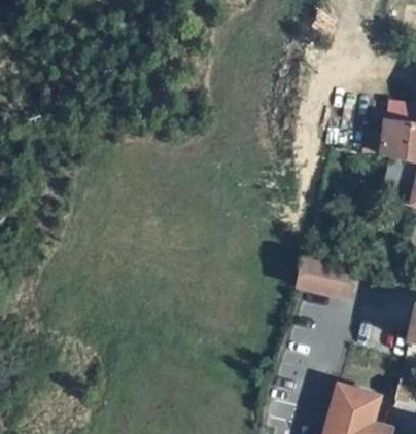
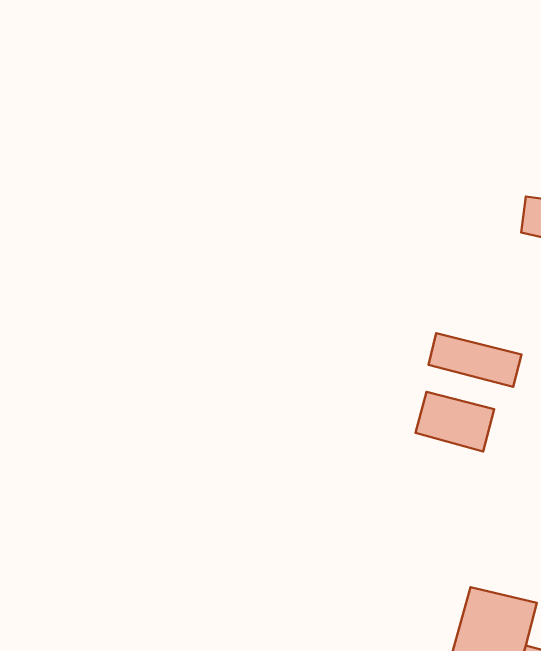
building: none -> [428,333,521,387]

